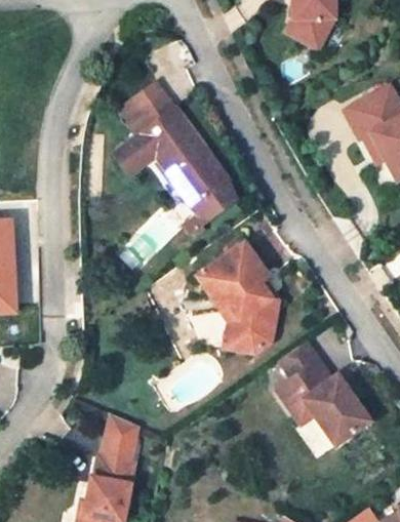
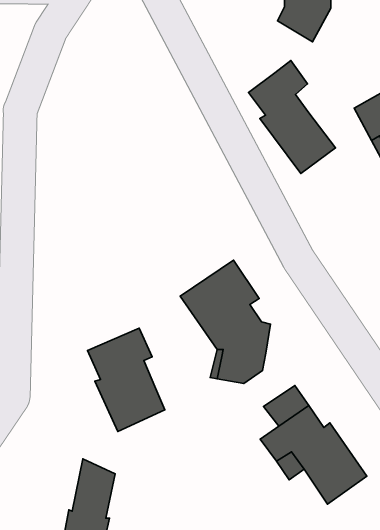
building: none -> [248,60,336,174]
building: [110,79,235,233] -> none
building: none -> [87,328,165,431]

